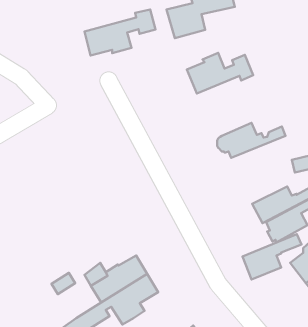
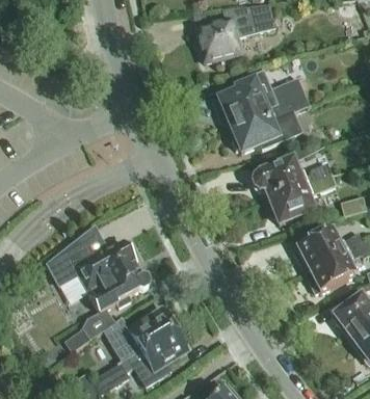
building: [84,9,156,56] -> none
building: none -> [231,75,311,152]
building: none -> [47,238,150,313]
building: [242,234,301,279] -> [269,172,336,223]

